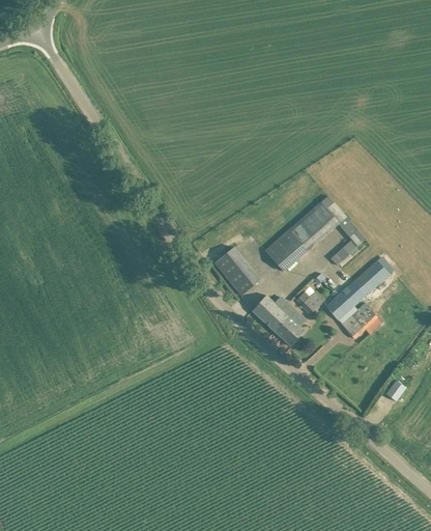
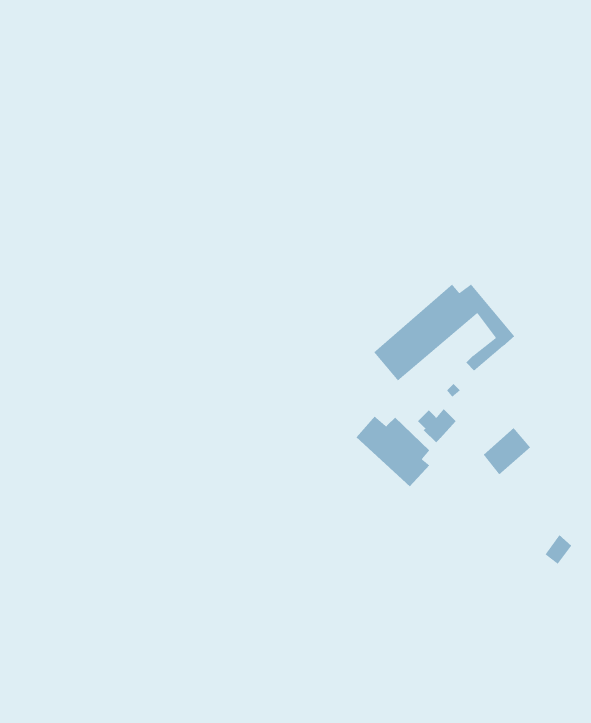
building: [214,248,260,296] -> none
building: [325,260,389,320] -> none

